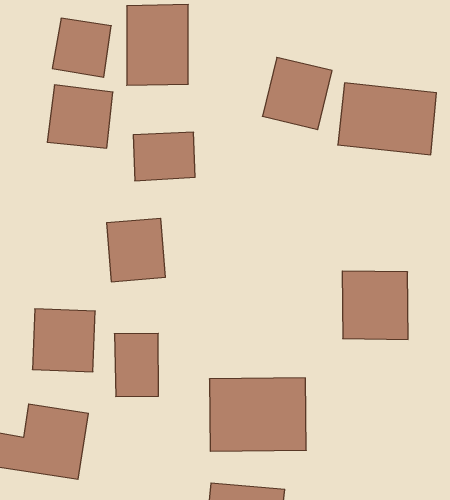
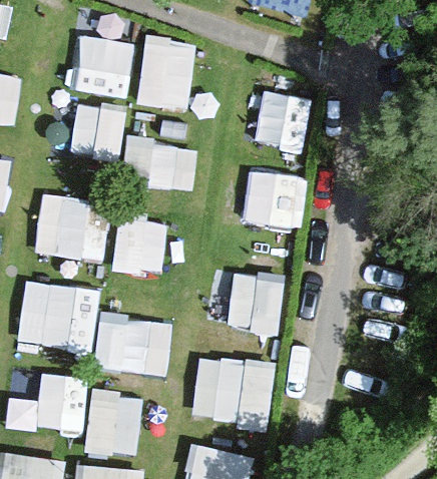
building: [338,83,436,155] -> [220,169,306,234]
building: none -> [34,199,106,258]
building: [342,271,408,339] -> [229,275,287,336]
building: none -> [88,391,141,452]

